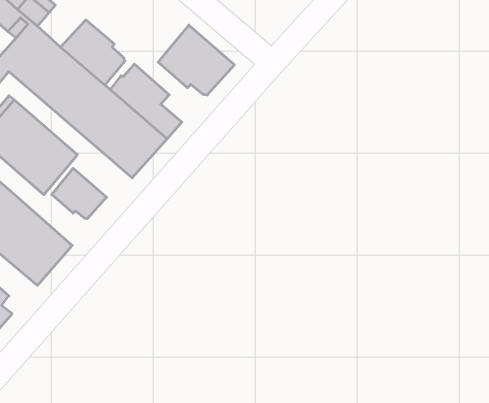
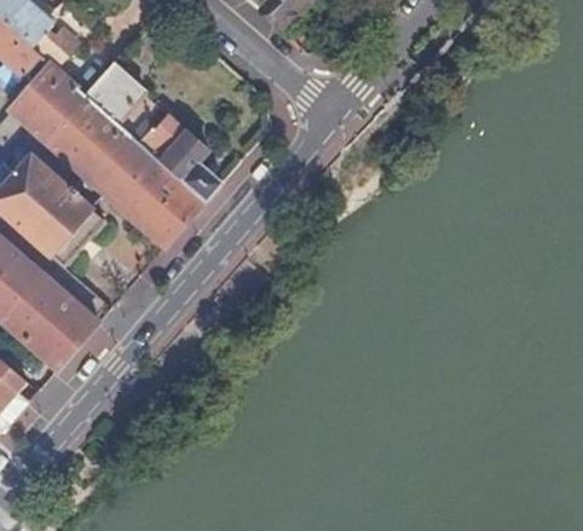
building: [158,25,234,95] -> none
building: [52,168,107,219] -> none

